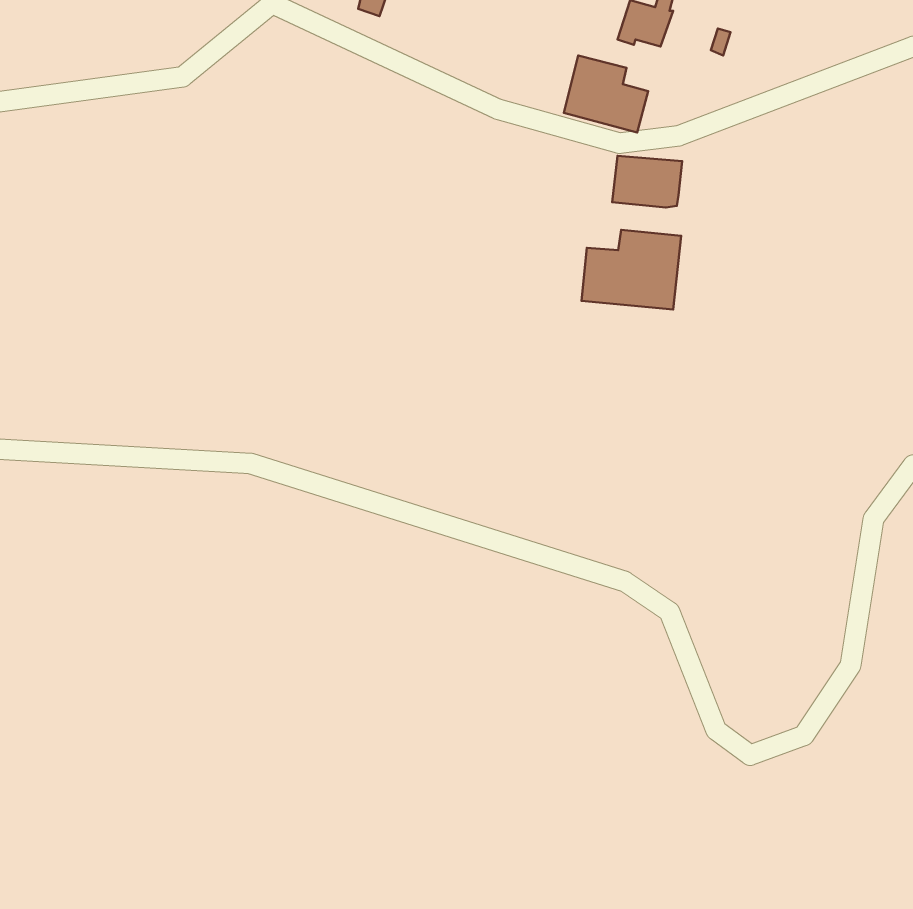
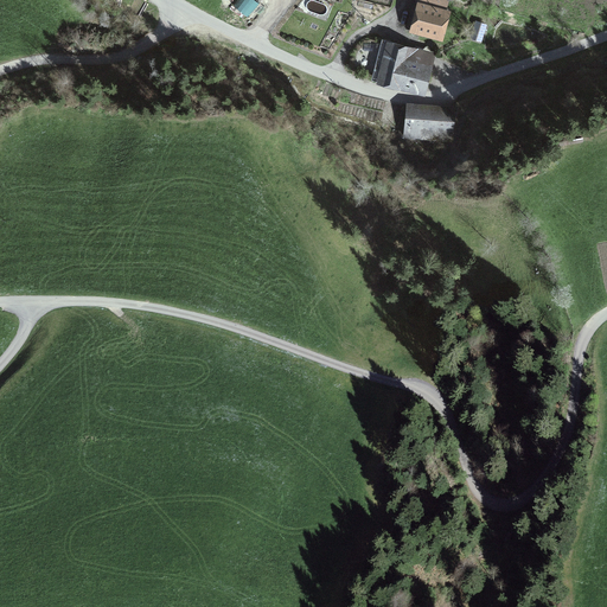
building: [581,230,681,309] -> none

